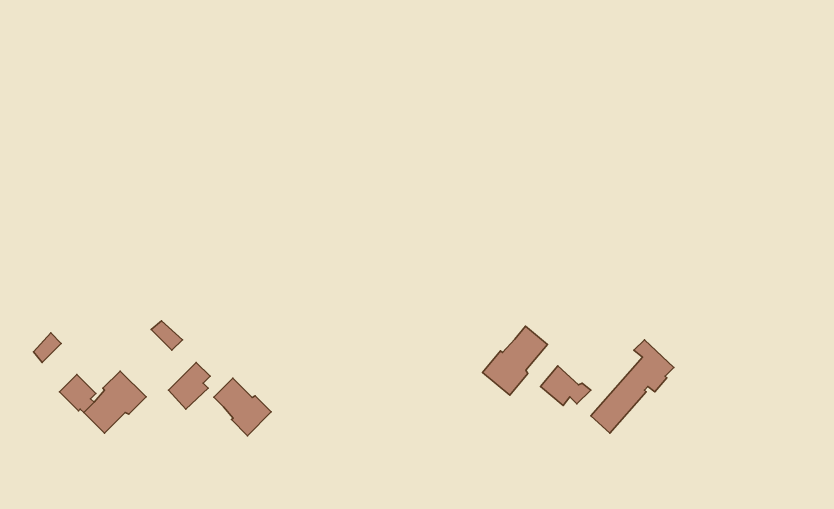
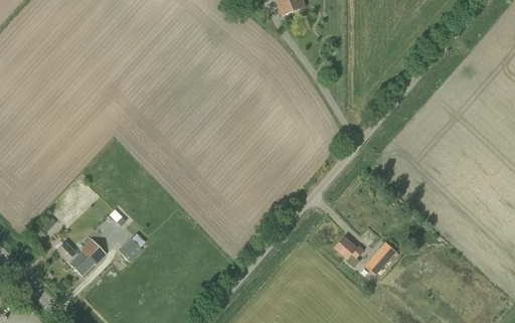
building: [483,326,547,395] -> none
building: [214,378,271,436] -> none

